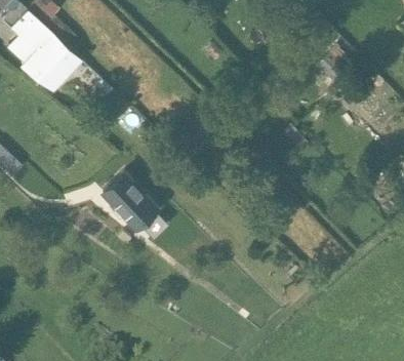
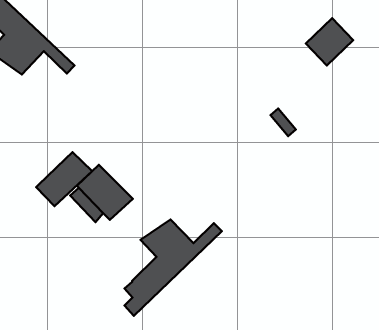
building: none -> [36,152,92,206]
building: none -> [124,220,222,316]

